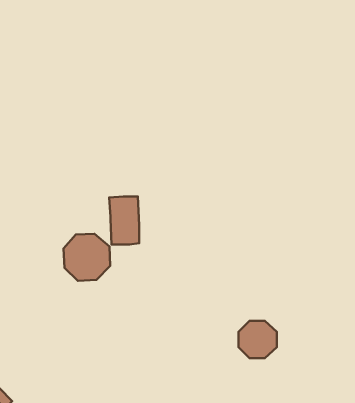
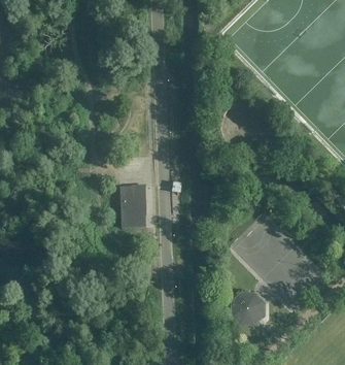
building: [64,234,110,281] -> none

